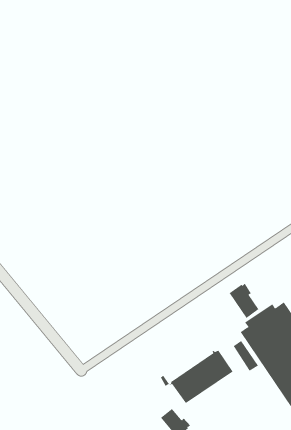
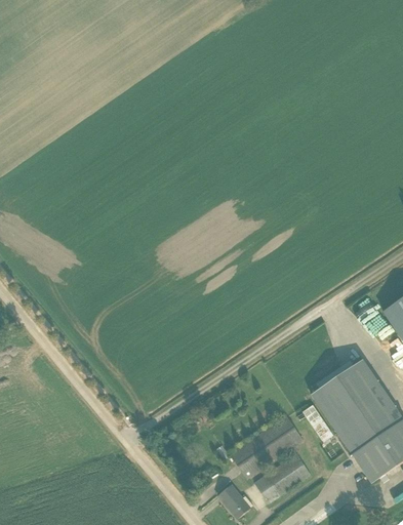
building: [229,283,259,319] -> none
building: none -> [253,453,311,503]

